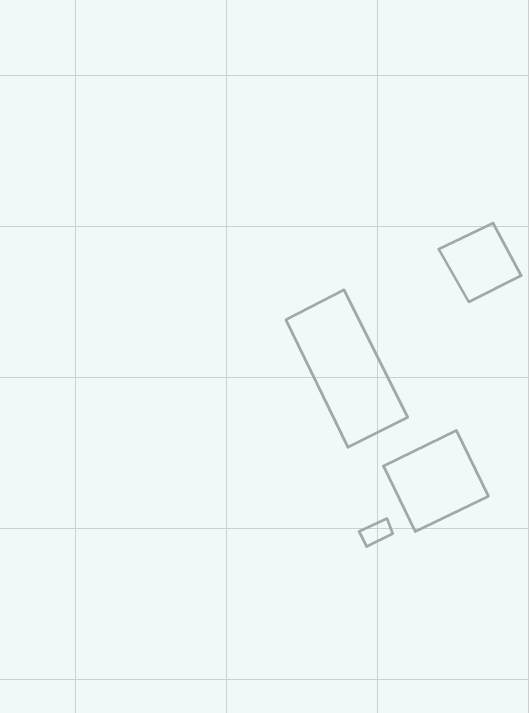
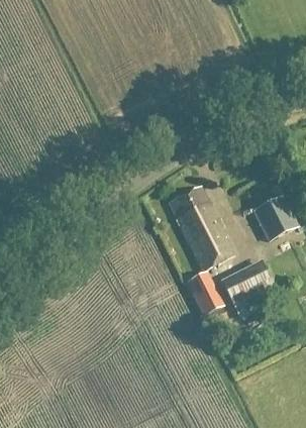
building: [439,223,521,302] -> [251,197,296,239]
building: none -> [190,271,225,312]

